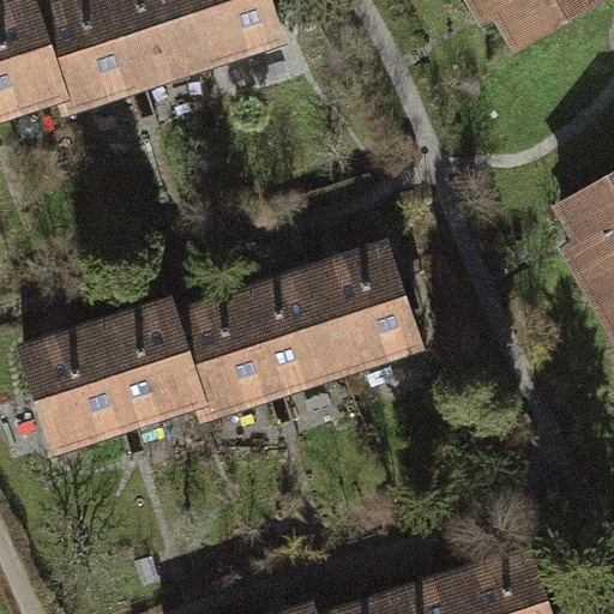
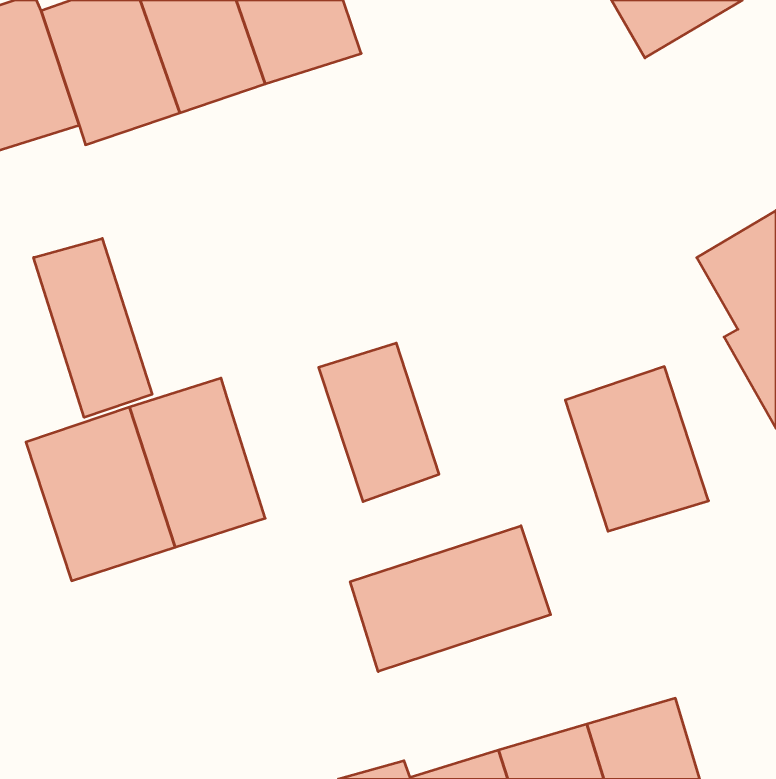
building: none -> [34,238,152,417]
building: [312,243,425,373] -> [565,367,709,531]
building: [179,289,285,419] -> none
building: none -> [350,526,551,672]

